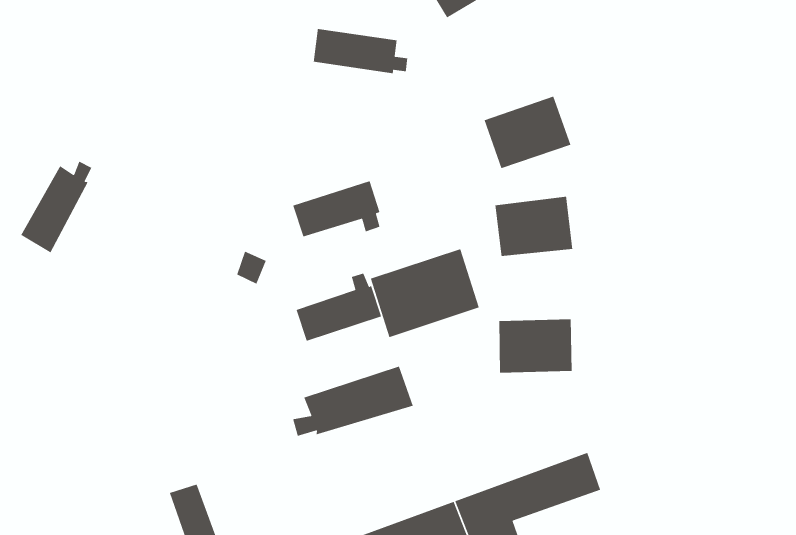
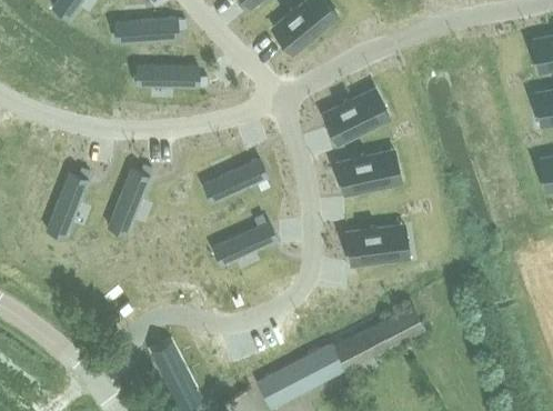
building: [313,28,408,74] -> [147,67,204,89]
building: none -> [111,166,150,224]
building: [370,248,480,338] -> none
building: [292,365,414,437] -> none

